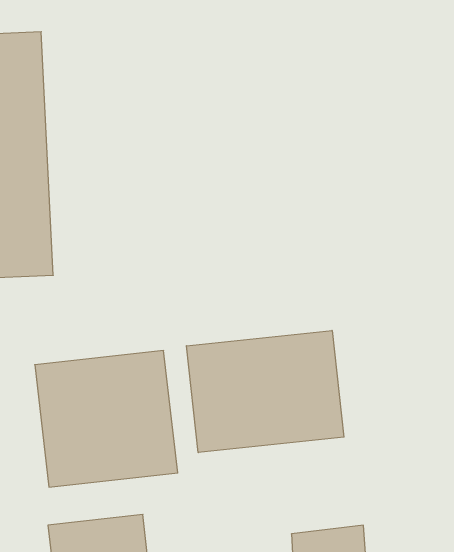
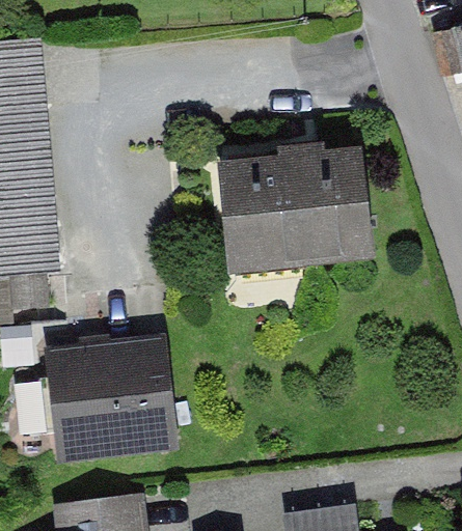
building: none -> [213,146,372,271]
building: [186,330,344,453] -> none

